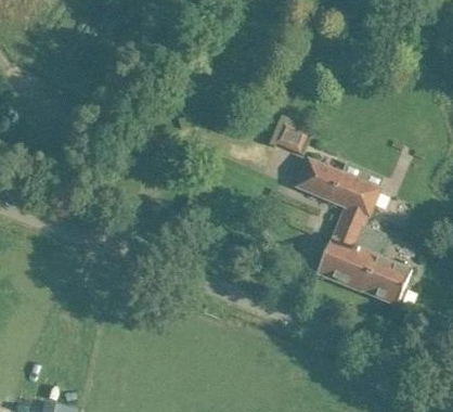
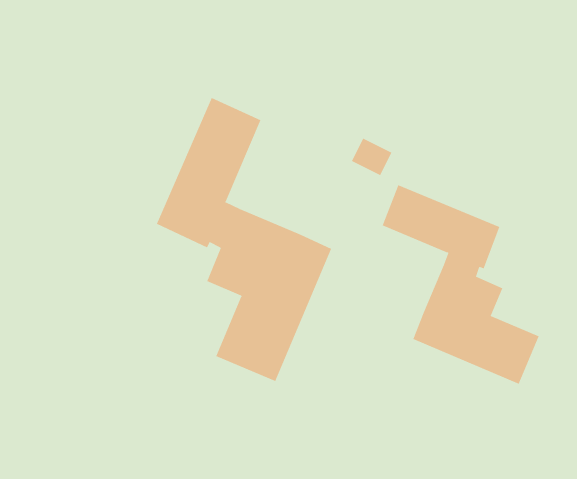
building: none -> [156,97,332,382]

